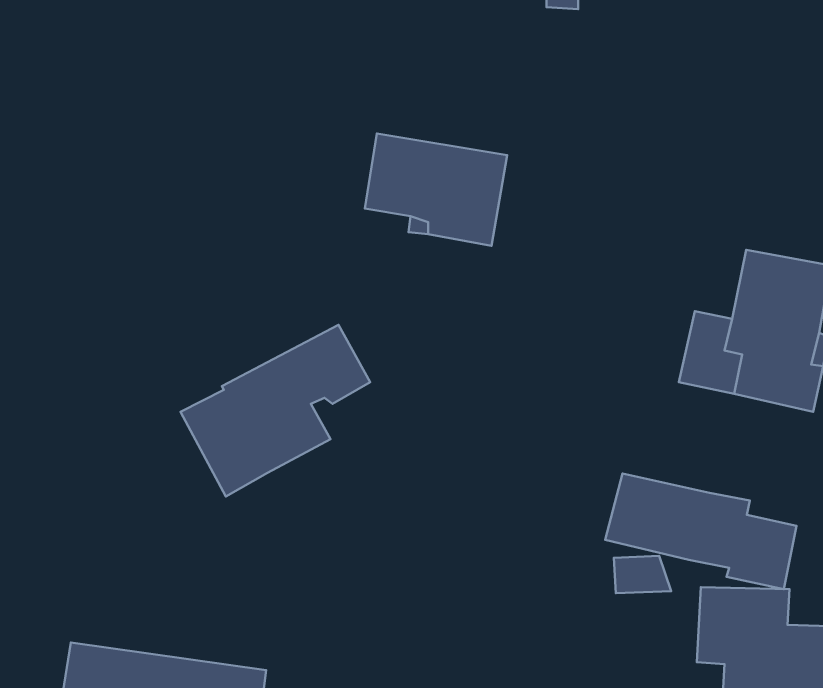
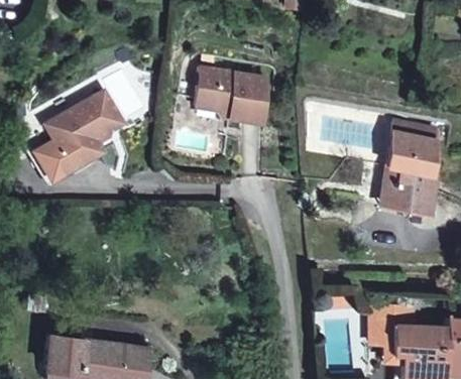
building: [180,325,370,497] -> [26,96,123,183]
building: [605,473,797,589] -> none

